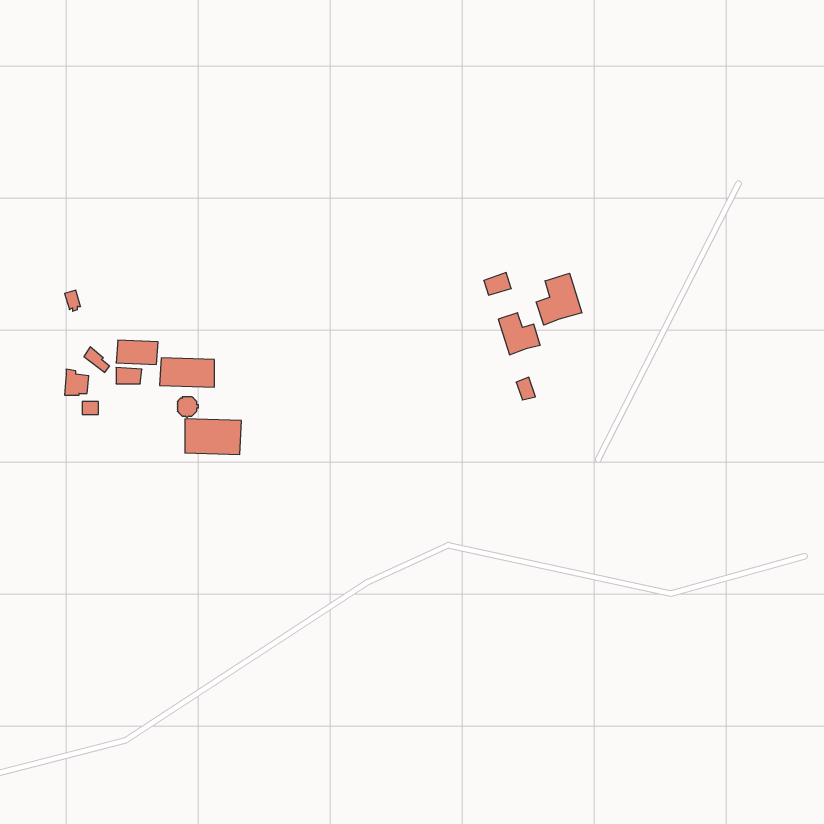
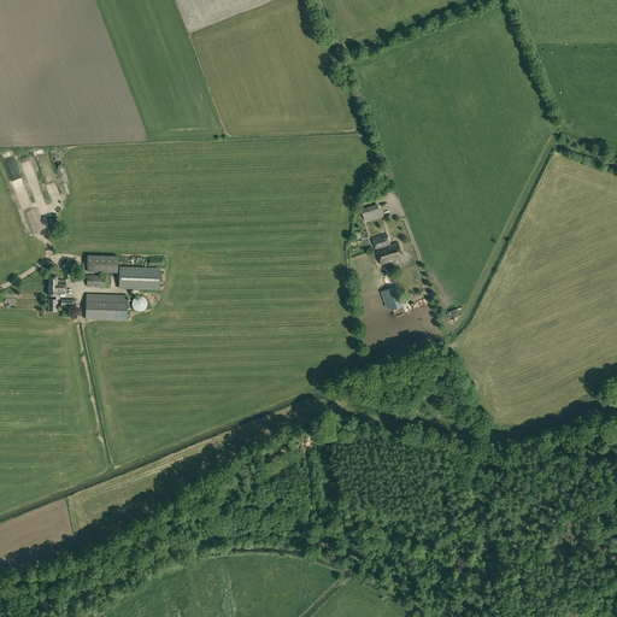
building: [536,273,582,325] -> none
building: [185,419,241,454] -> [86,294,128,321]

